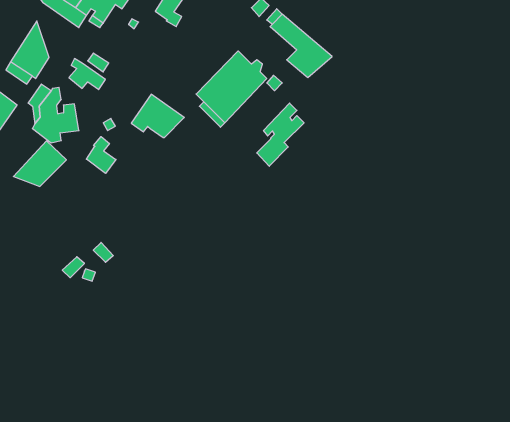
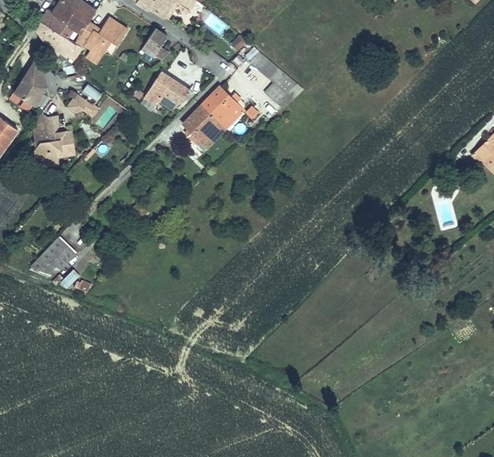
building: [131,94,184,137] -> [143,72,191,111]
building: [257,103,304,166] -> none
building: [86,137,116,173] -> none
building: [13,141,66,186] -> [28,236,76,277]

